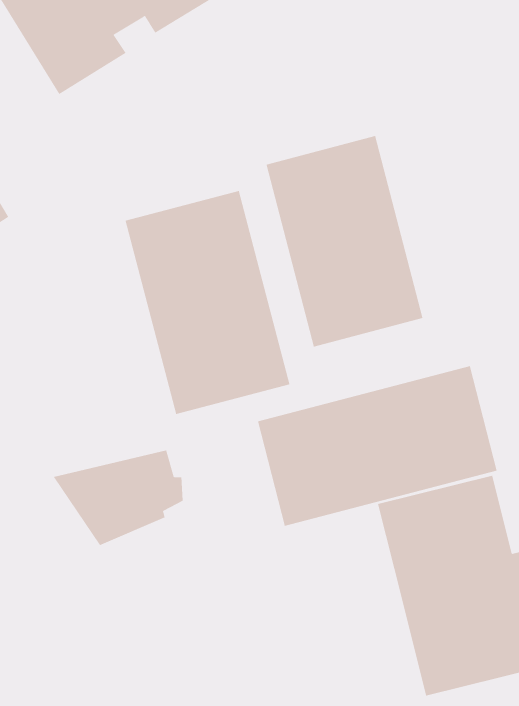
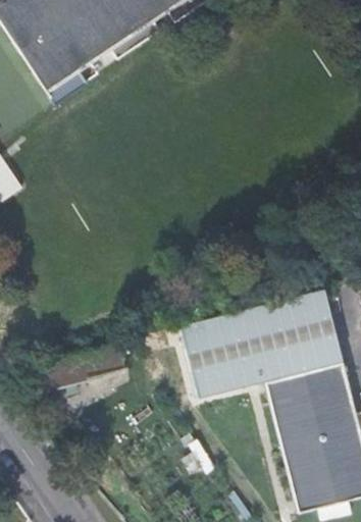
building: [266,135,423,348] -> none
building: [125,190,290,415] -> none

